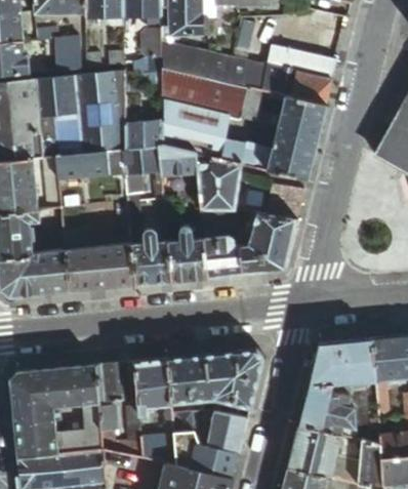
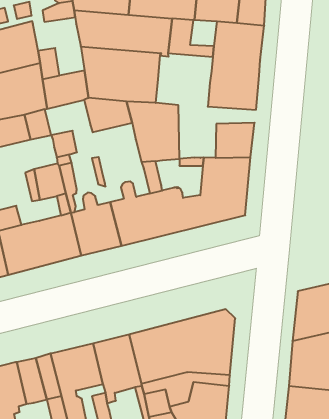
building: [220,138,271,169] -> none
building: [122,147,160,173] -> none

